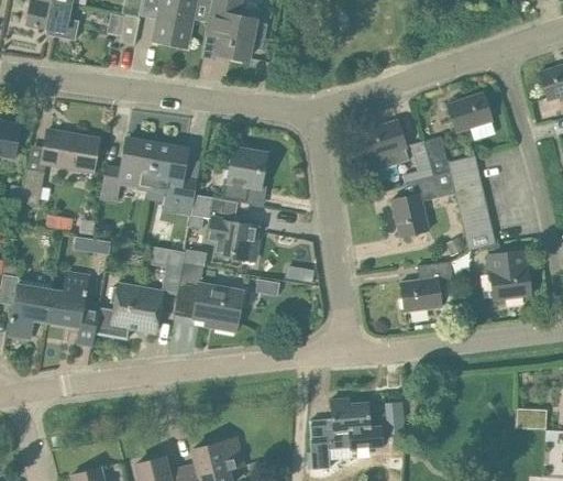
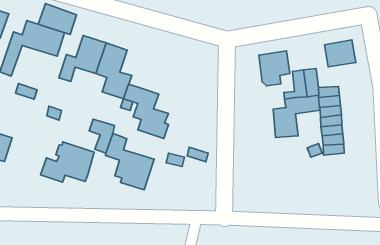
building: none -> [38,4,76,35]
building: [220,149,267,203] -> none
building: [489,250,531,299] -> none
building: [402,261,455,313] -> none
building: [45,273,99,347] -> none

